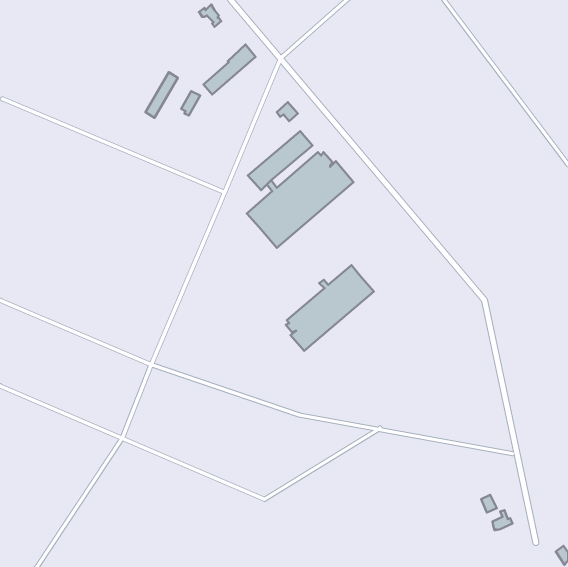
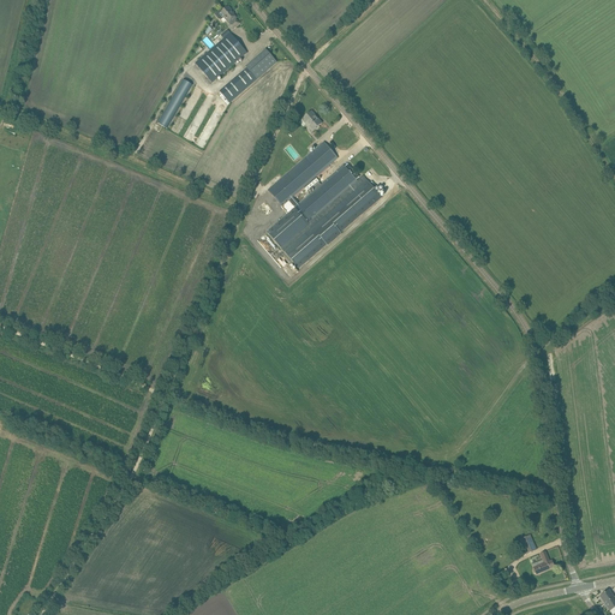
building: none -> [196,29,247,82]
building: [286,265,374,351] -> none

